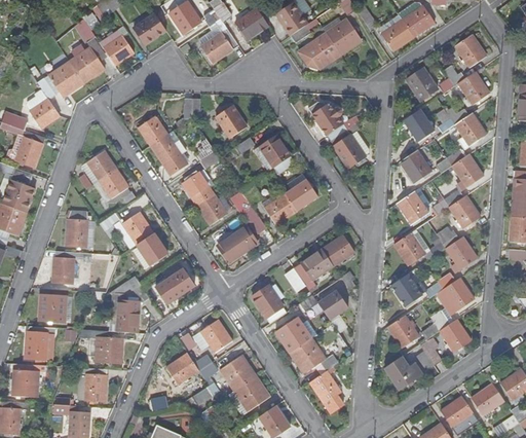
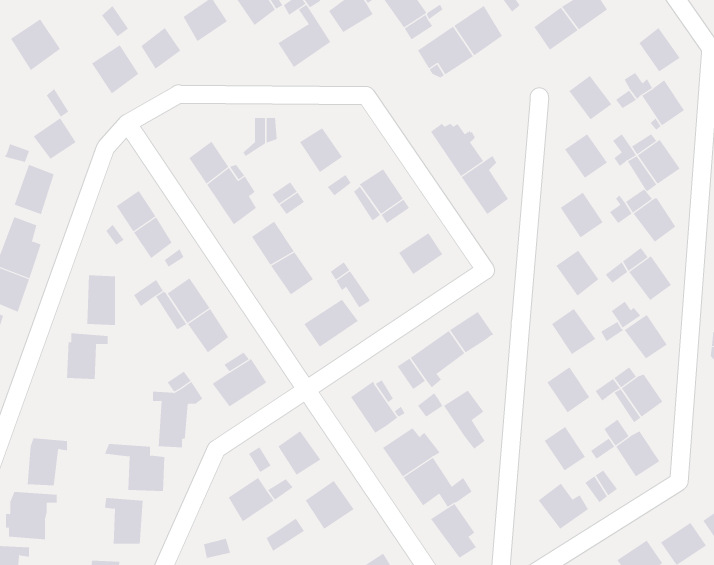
building: [47,61,83,98] -> [10,18,61,71]
building: [265,194,296,224] -> none
building: [38,294,65,322] -> none
building: [233,375,269,410] -> none

